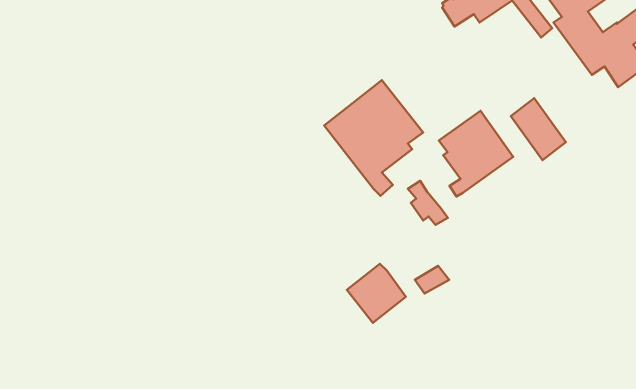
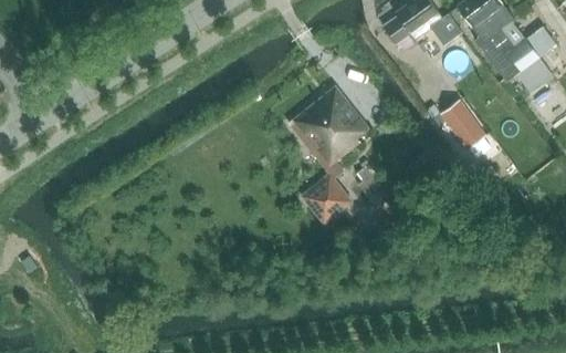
building: [439,111,513,196] -> none
building: [347,264,406,323] -> [303,173,350,220]

